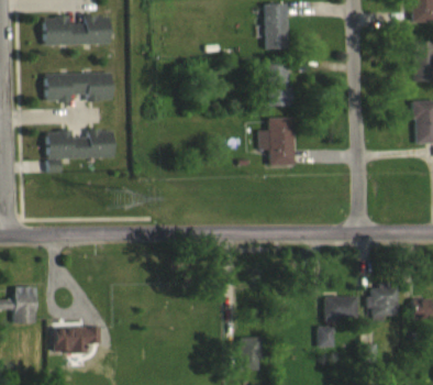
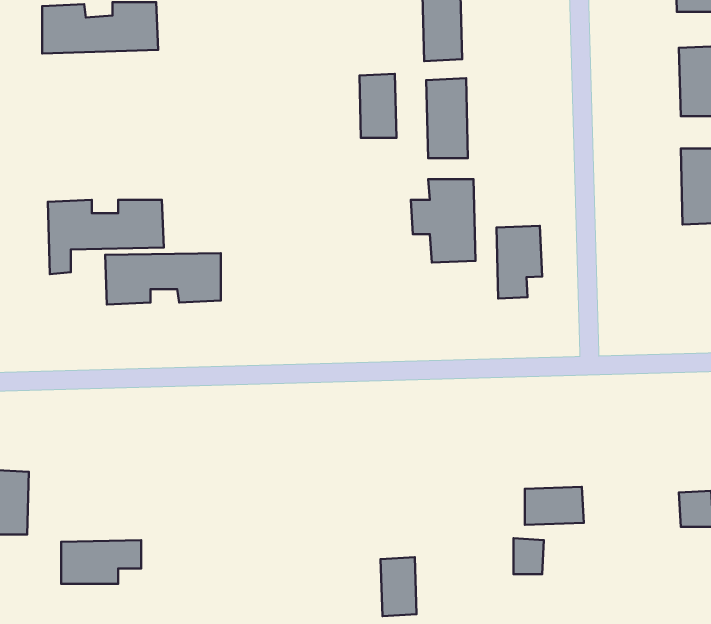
building: none -> [359,74,396,138]
building: [45,73,112,102] -> [105,253,221,304]
building: none -> [496,226,542,299]
building: [368,288,397,321] -> none

